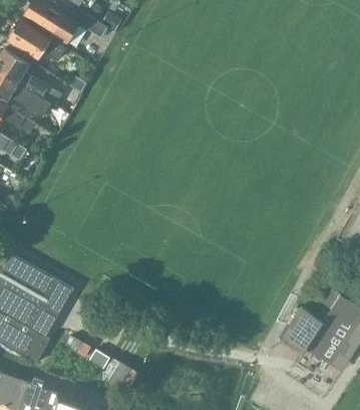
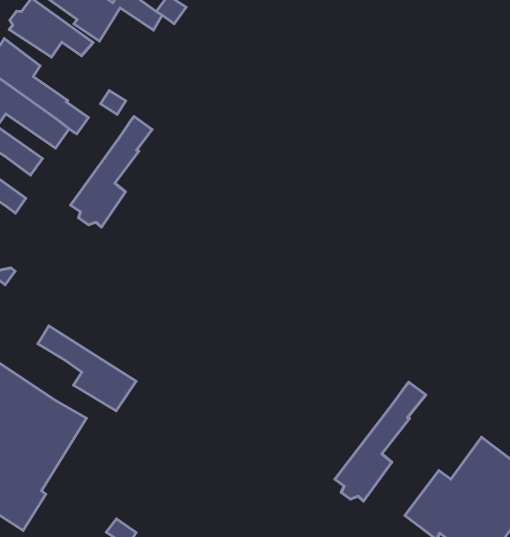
building: none -> [71,117,152,227]
building: none -> [38,326,136,411]
building: none -> [335,382,426,501]

